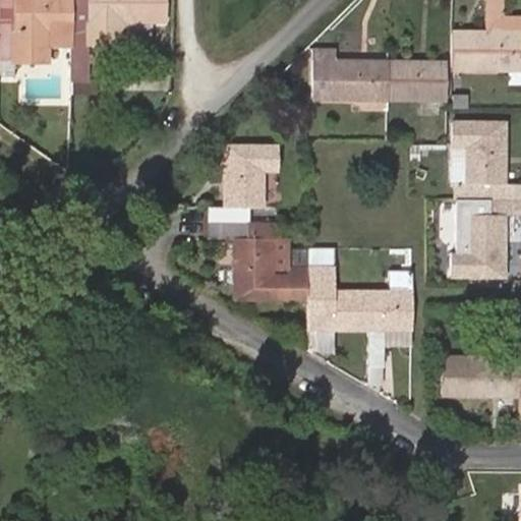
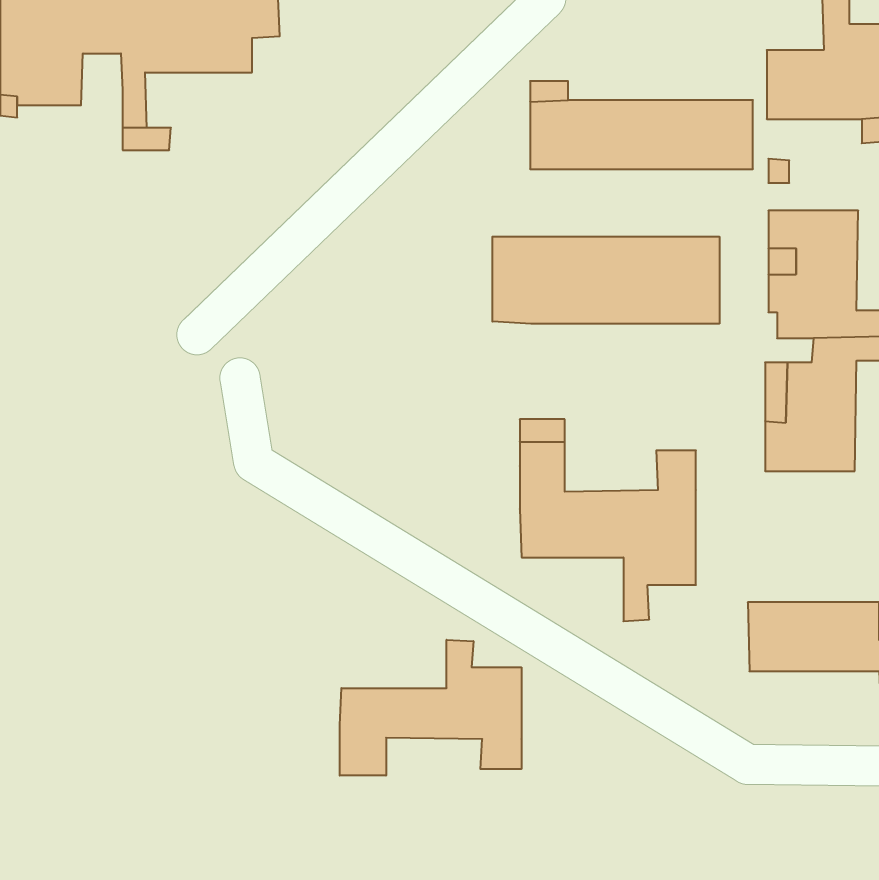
building: none -> [492,237,719,324]
building: [208,143,308,300] -> none
building: none -> [340,640,521,776]

